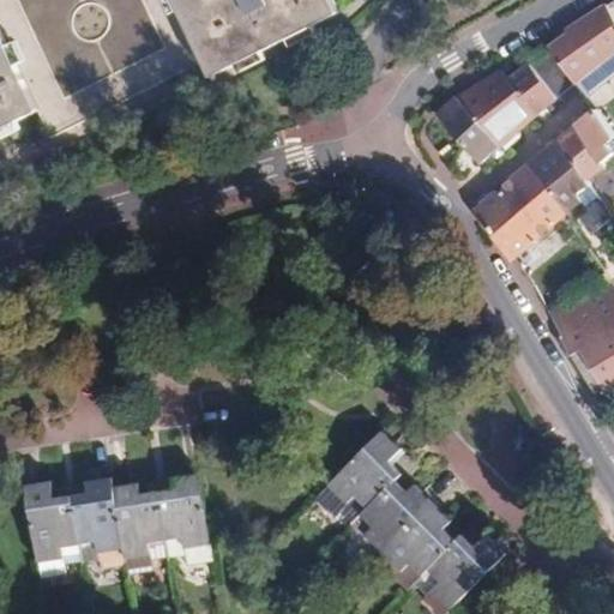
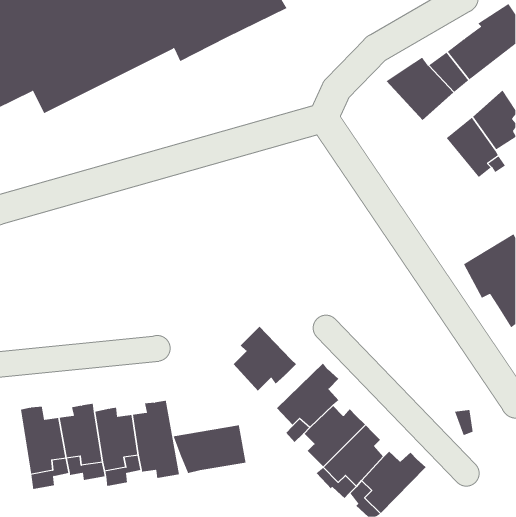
building: [435,96,499,162] -> none
building: [474,163,565,258] -> none
building: none -> [233,326,297,391]
building: none -> [173,425,246,474]

